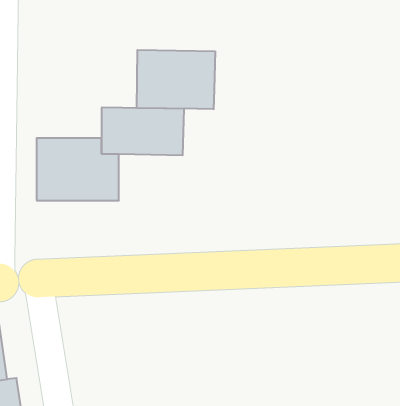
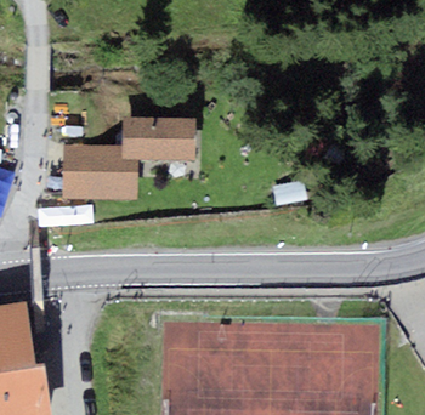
building: [137,50,215,109] -> none

